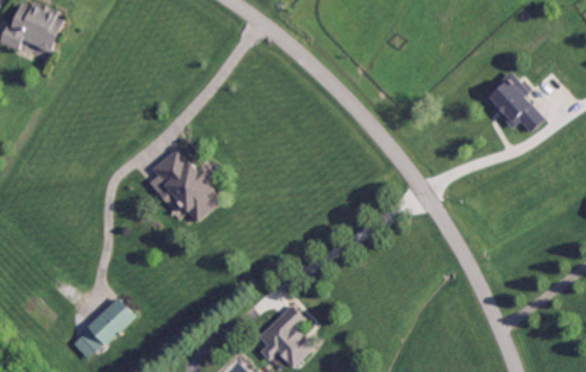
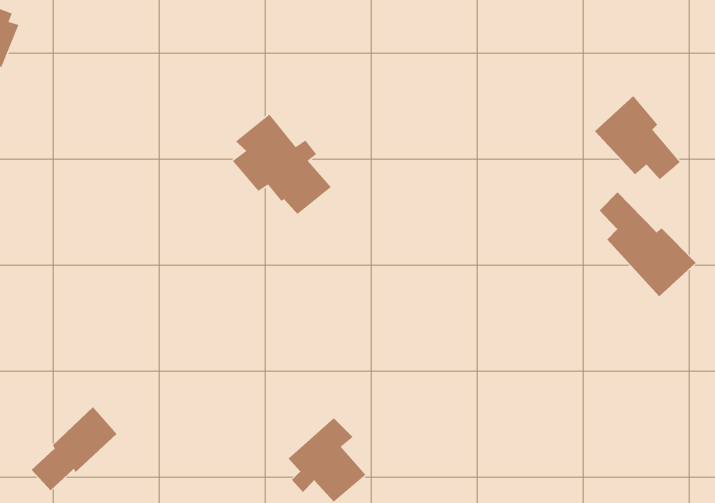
building: none -> [599,192,696,297]
building: [149,149,222,223] -> [232,113,332,215]

